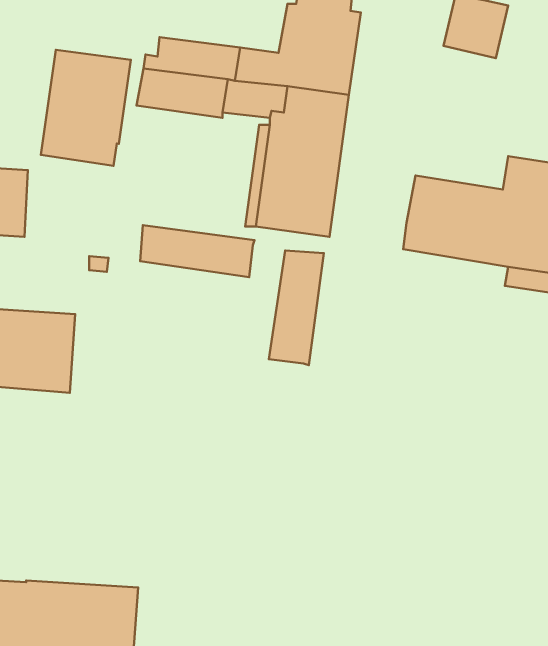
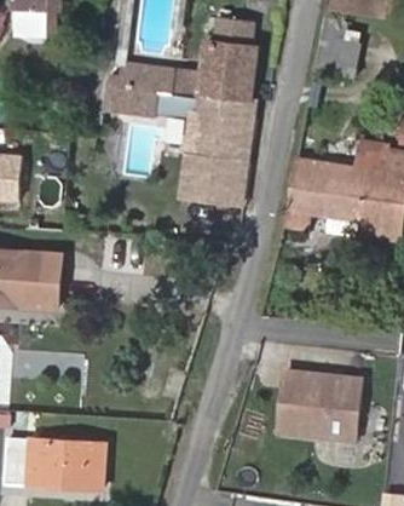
building: [41,50,131,166] -> none
building: [140,225,254,277] -> none
building: [269,250,324,365] -> none
building: none -> [276,368,368,443]

